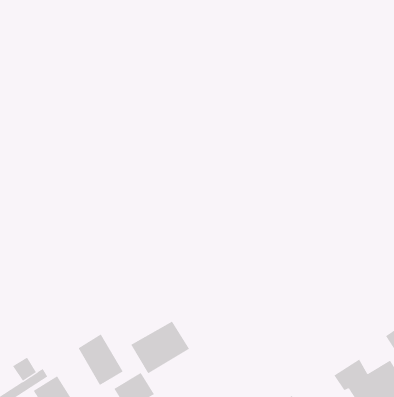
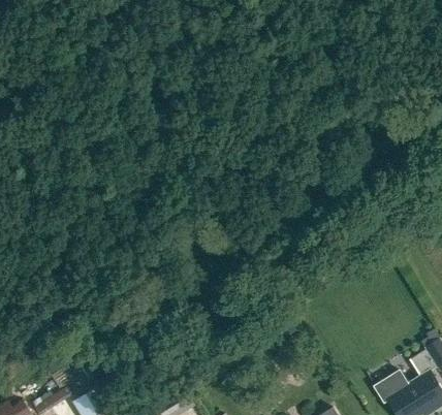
building: [131,321,190,374] -> none
building: [78,333,124,386] -> none

